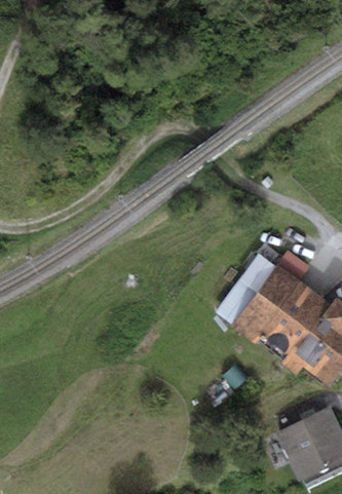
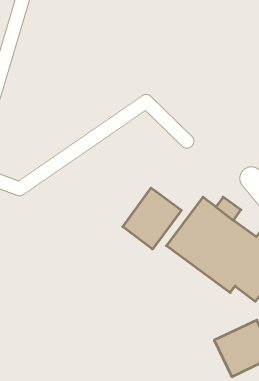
building: none -> [123,188,181,249]

